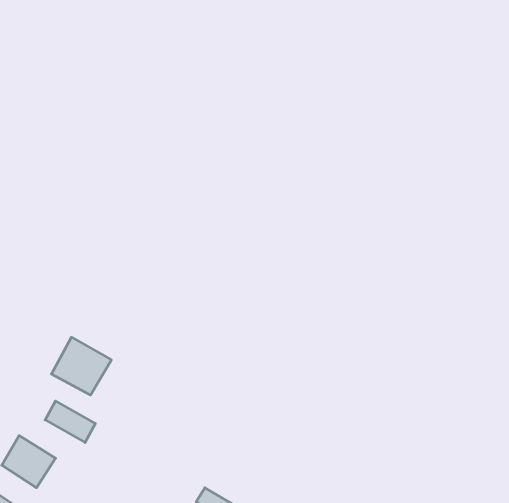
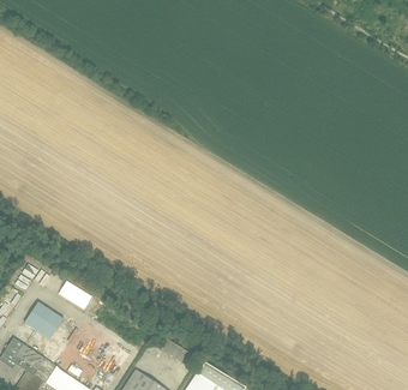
building: [51,337,111,395] -> none

